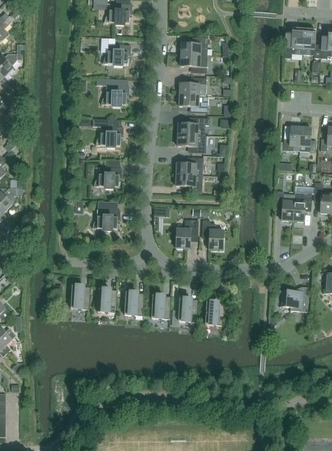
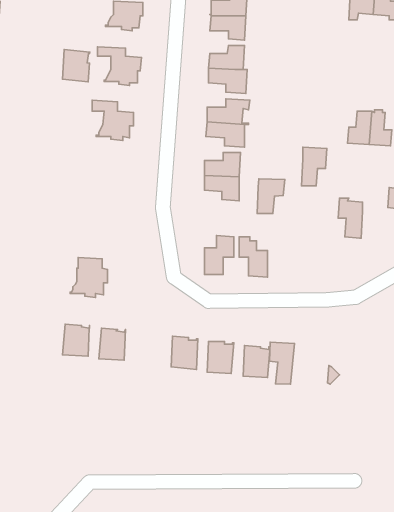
building: none -> [62,49,90,82]
building: [94,167,122,189] -> none
building: none -> [257,179,285,214]
building: [293,192,312,221] -> [301,147,327,186]
building: [92,201,120,231] -> [70,257,108,298]
building: [278,286,309,311] -> none
building: [124,291,144,315] -> none
building: none -> [270,342,295,384]

